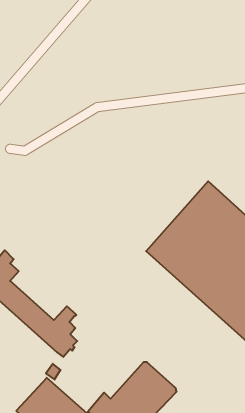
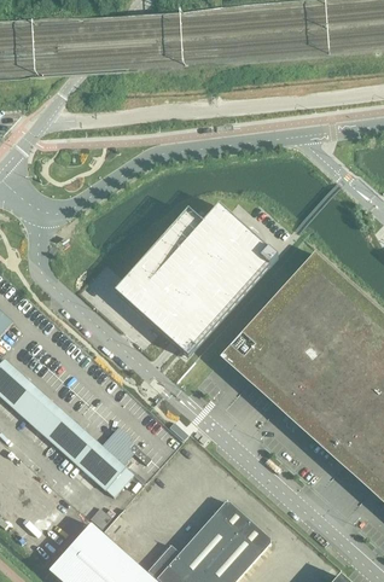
building: none -> [110,210,272,361]

